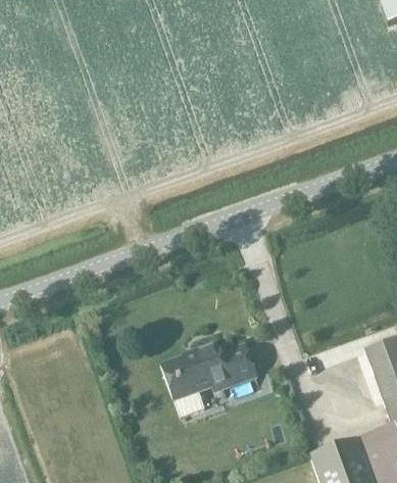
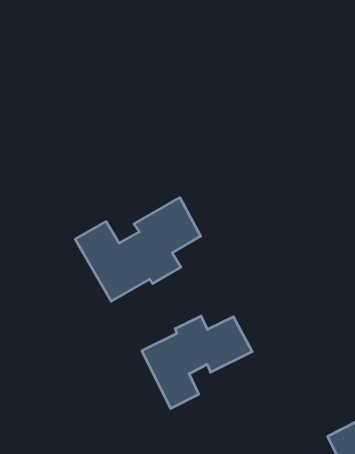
building: none -> [75,198,201,301]

